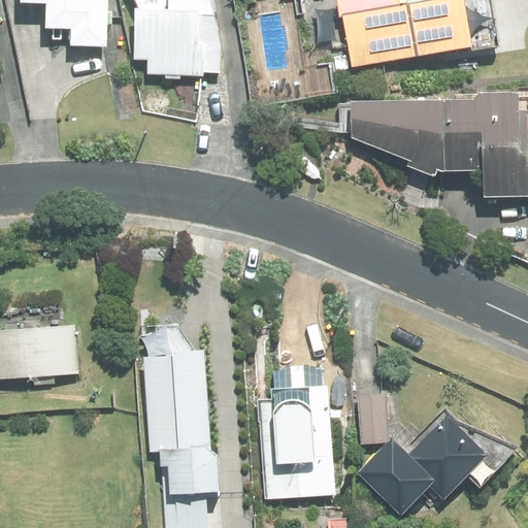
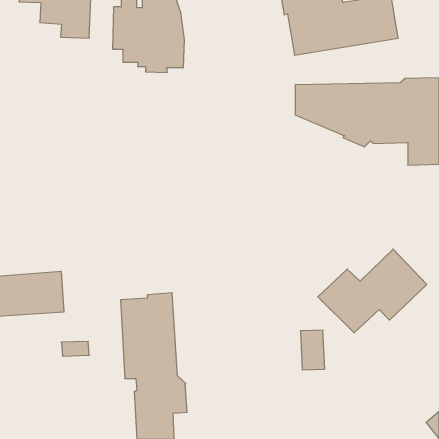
building: [258,364,333,496] -> none
building: [359,415,489,515] -> [318,249,427,333]

